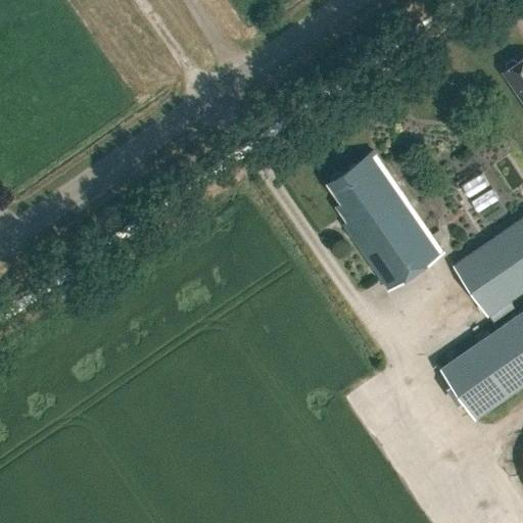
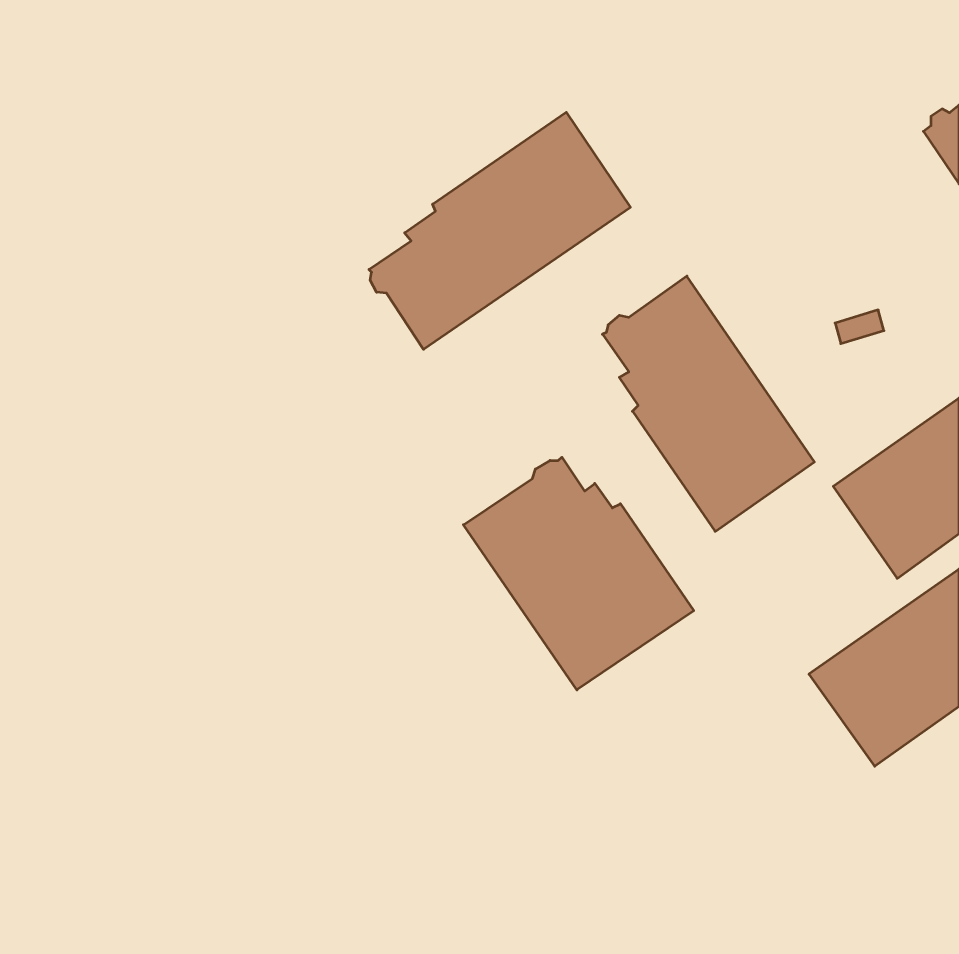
building: none -> [369,112,630,349]
building: none -> [463,457,694,690]

